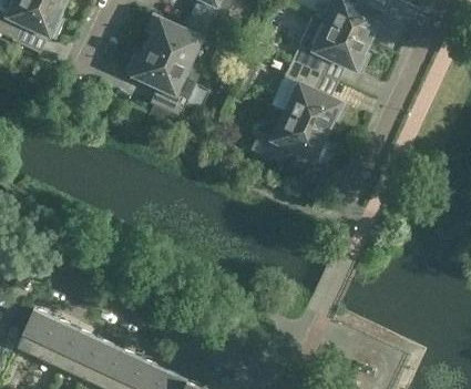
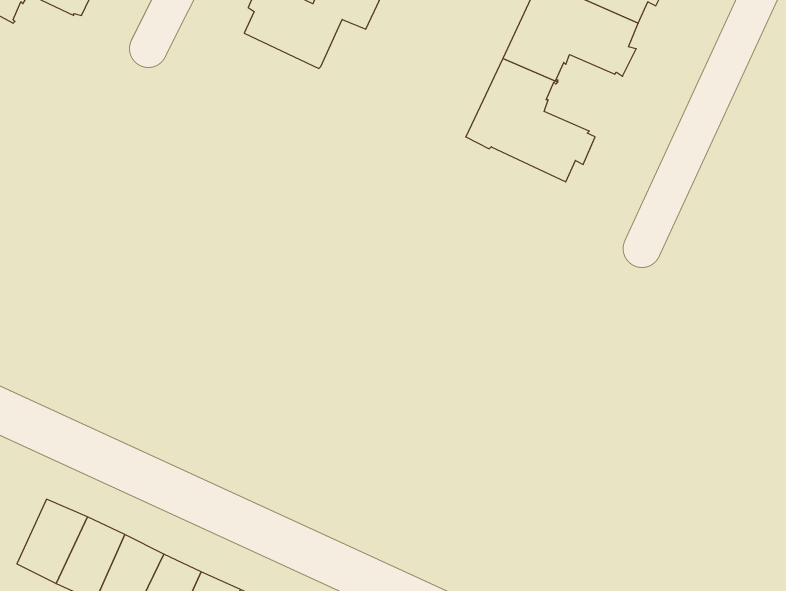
building: [129,45,201,116] -> none
building: [250,110,327,163] -> none

